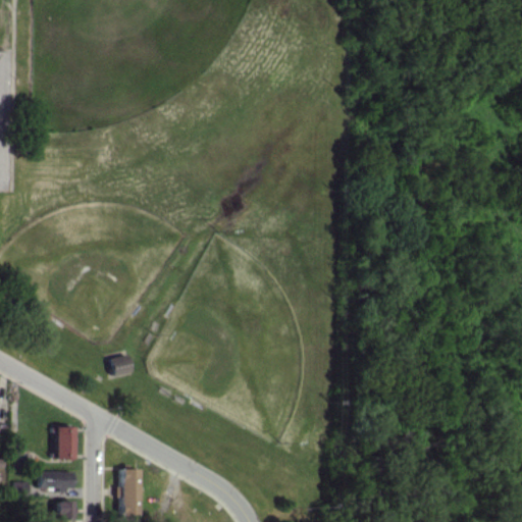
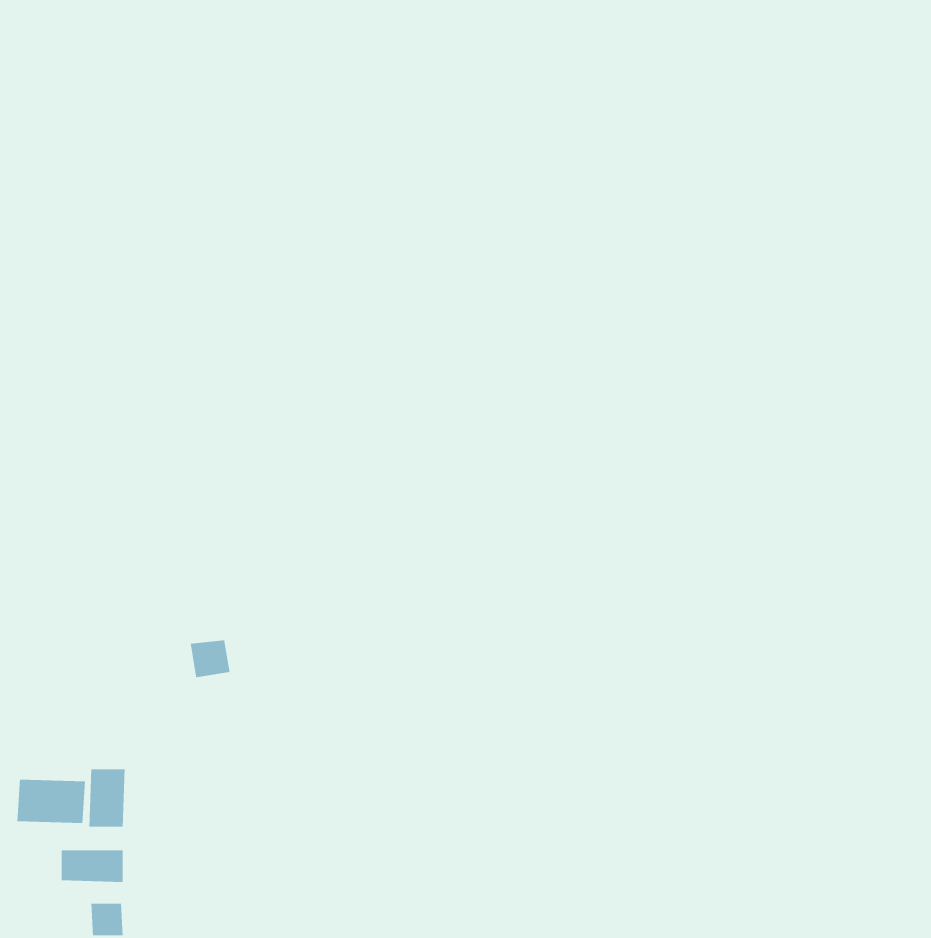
building: none -> [16,779,86,824]
building: [117,470,140,516] -> none

